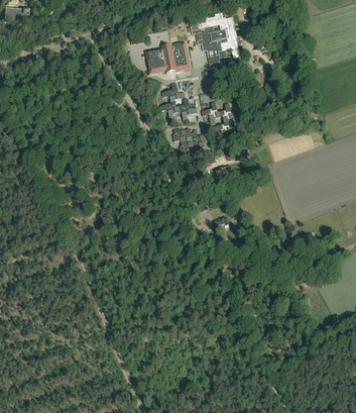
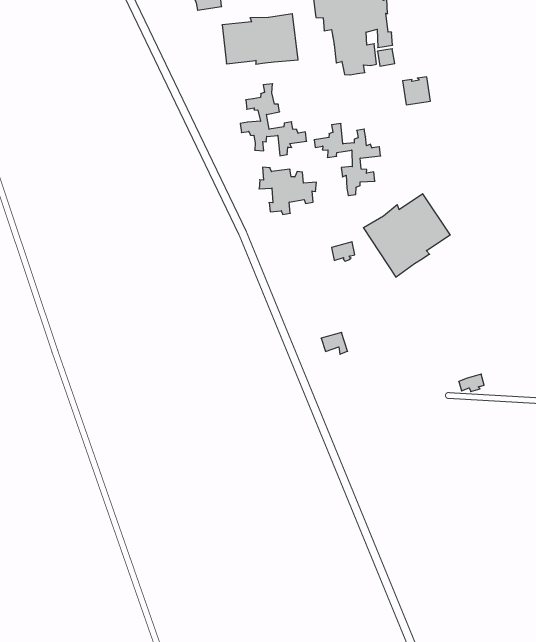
building: none -> [363,194,450,277]

